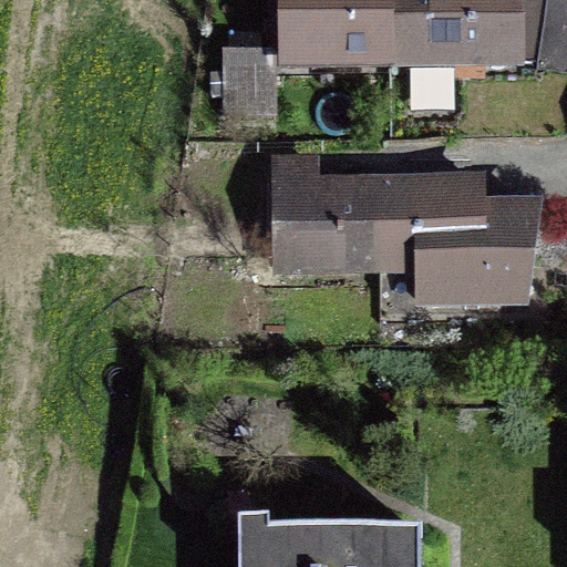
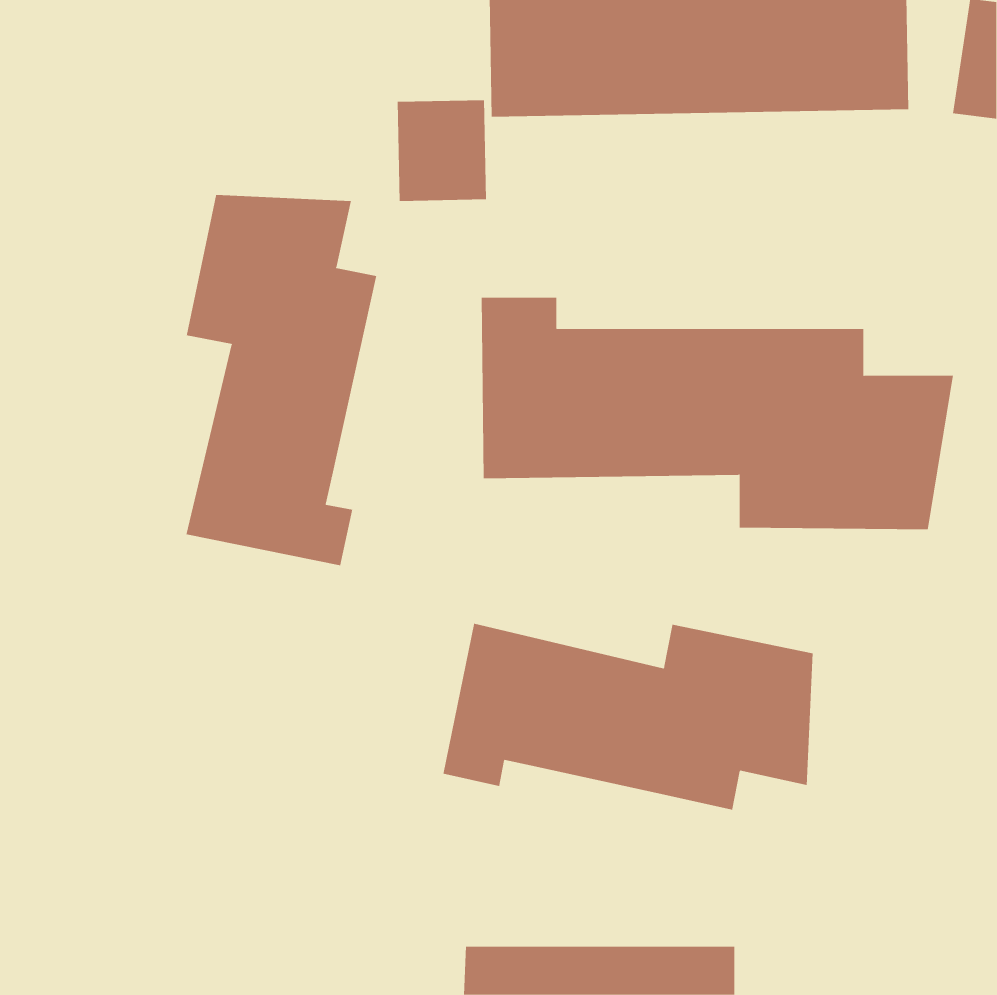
building: none -> [186,194,377,566]
building: none -> [443,623,813,810]

